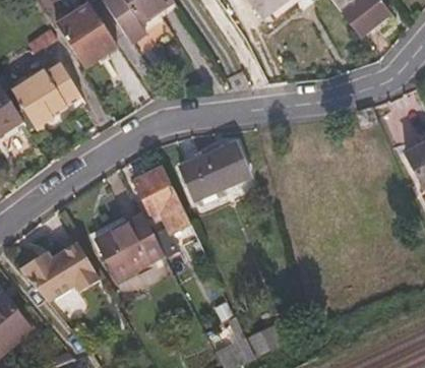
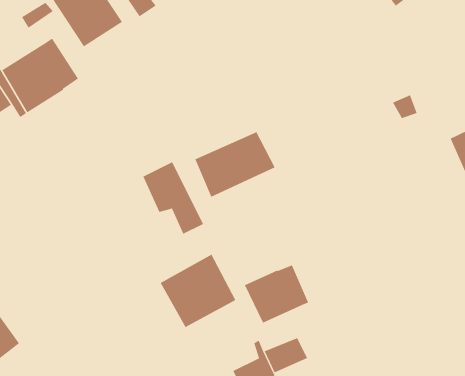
building: [96,213,163,279] -> [160,254,236,328]
building: [18,236,97,301] -> none
building: none -> [244,265,309,323]

